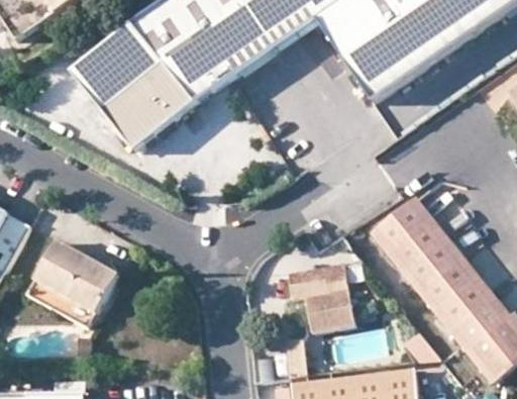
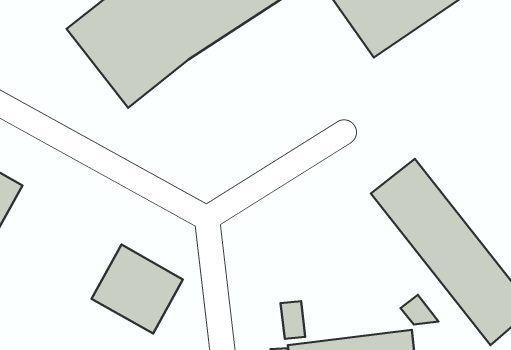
building: [27,239,117,327] -> [92,245,183,334]
building: [290,265,353,330] -> none

